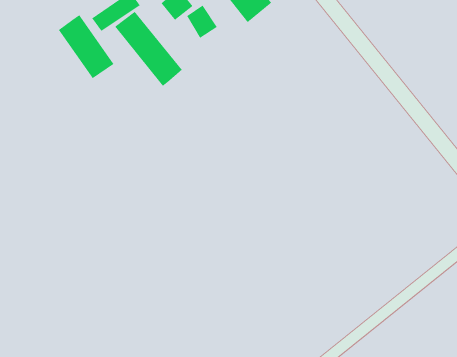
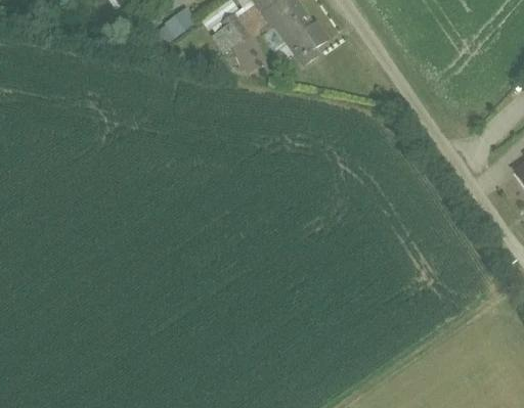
building: [114,11,183,87] -> none
building: [58,14,115,79] -> none

